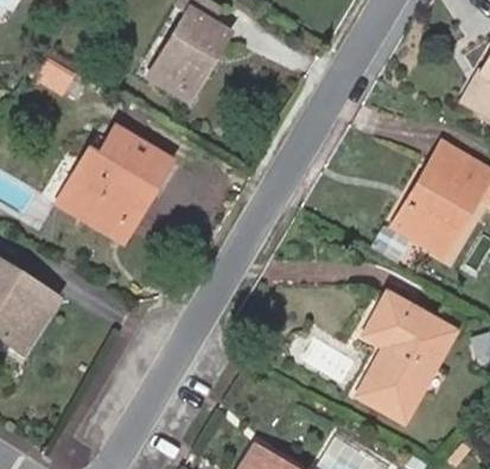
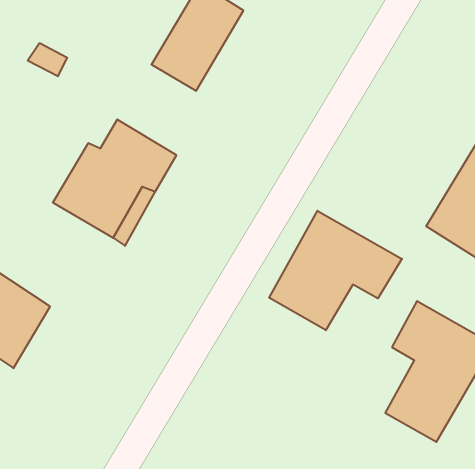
building: none -> [269,211,402,330]

